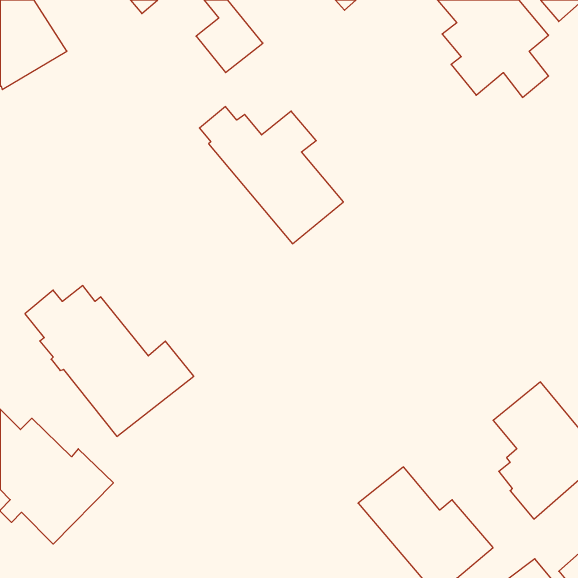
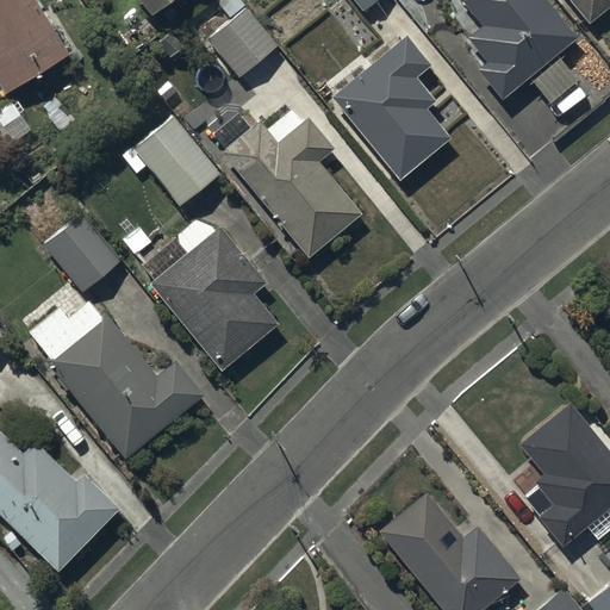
building: none -> [330,36,452,181]
building: none -> [120,116,219,205]
building: none -> [43,214,119,293]
building: none -> [139,218,279,372]

